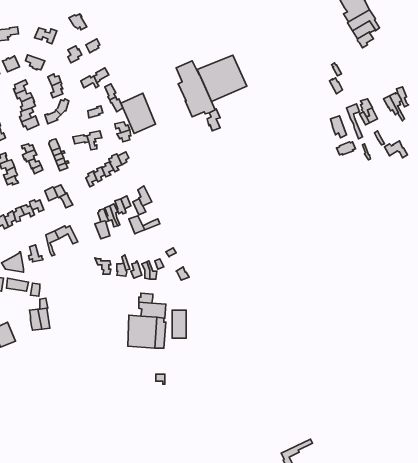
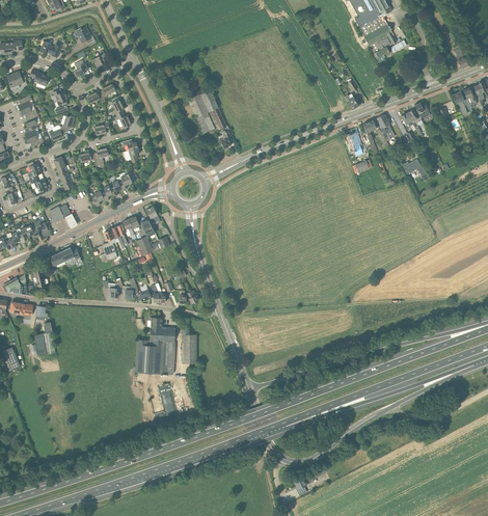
building: [197,55,247,102] -> none
building: [121,93,155,134] -> none

